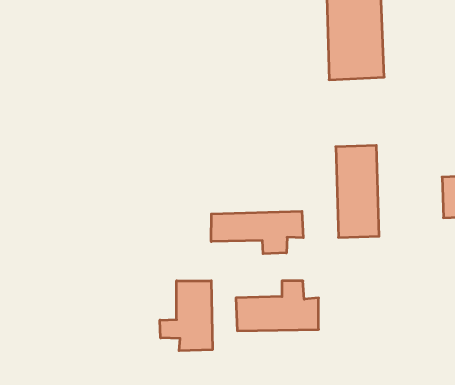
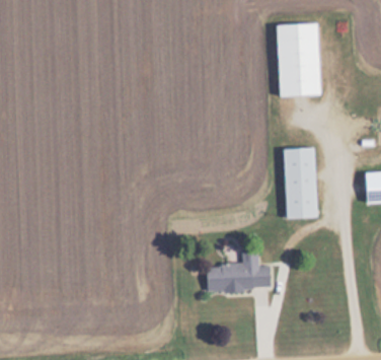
building: [211,211,303,254] -> none
building: [160,281,212,351] -> none

